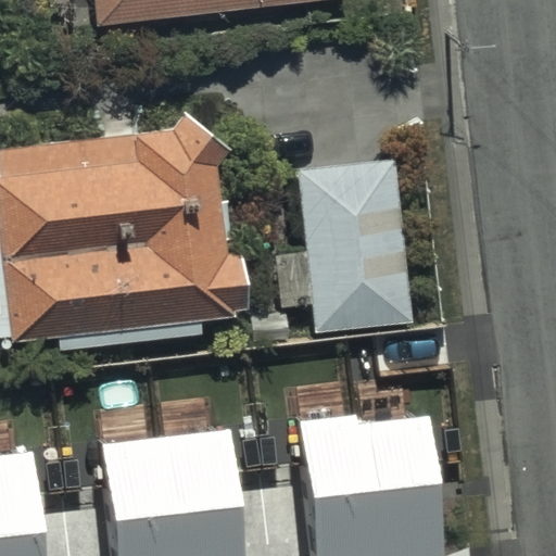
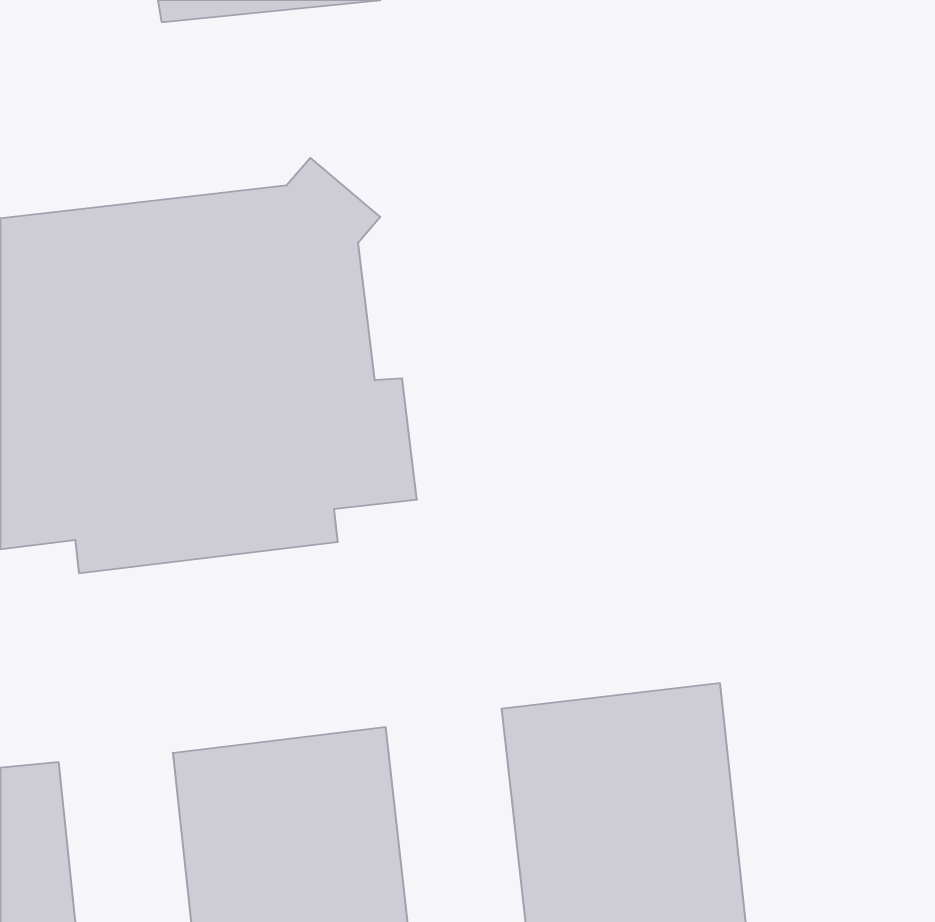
building: [300,162,414,324] -> none

